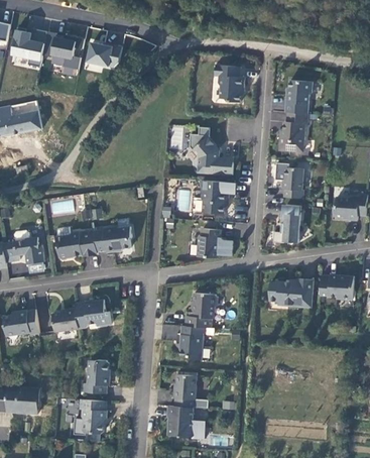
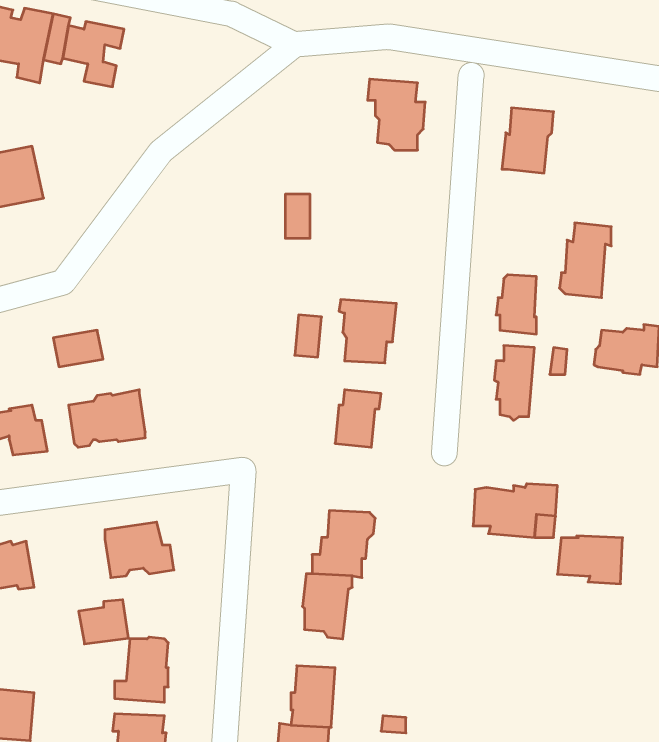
building: [89,42,123,67] -> none
building: [279,113,306,152] -> [559,223,611,298]
building: [192,137,233,176] -> none
building: [94,226,132,252] -> none
building: [320,274,354,300] -> [557,536,623,584]
building: [52,308,79,331] -> [79,600,129,644]

